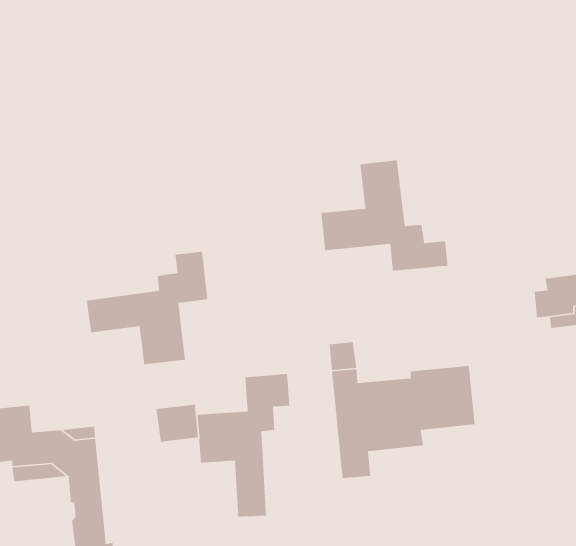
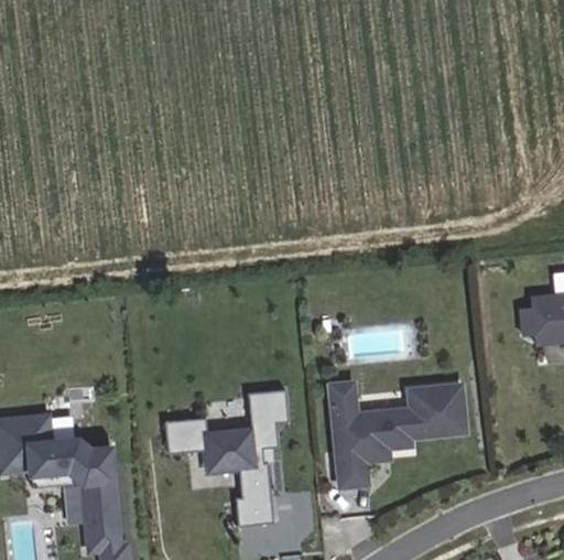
building: [321,159,448,271] -> none
building: [86,251,208,365] -> none

